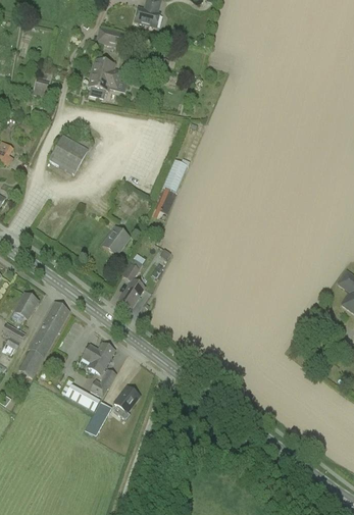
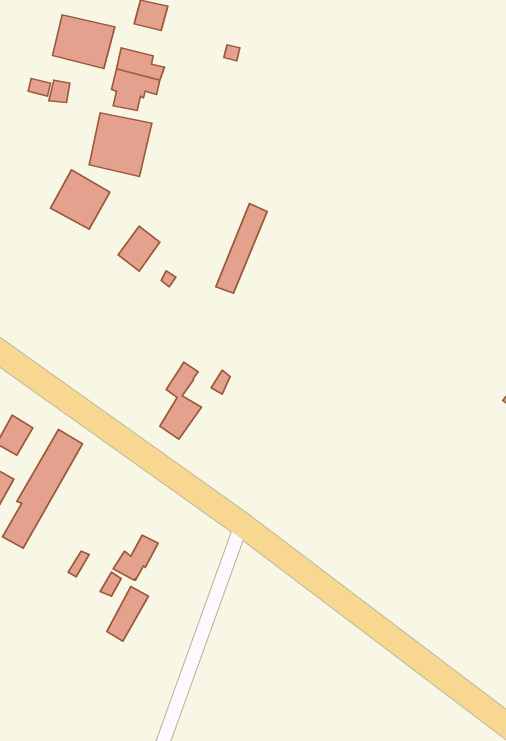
building: none -> [53,15,115,69]
building: none -> [89,113,152,176]
building: [102,225,129,254] -> [118,226,160,271]
building: [82,342,114,373] -> none
building: [113,384,140,412] -> none

